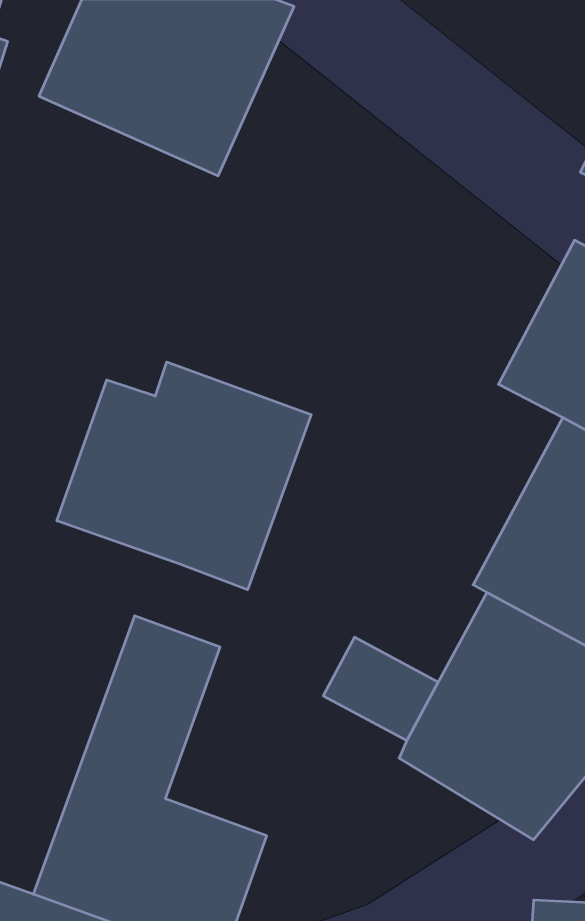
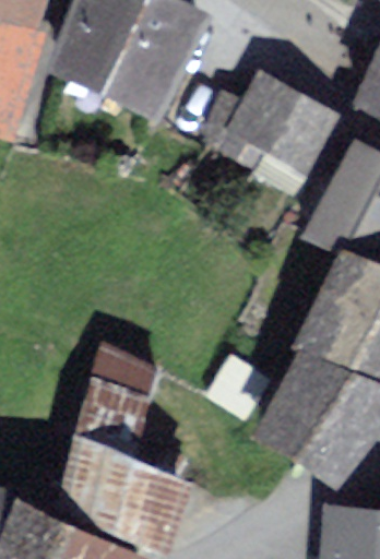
building: none -> [234,78,328,166]
building: [57,362,311,590] -> none

